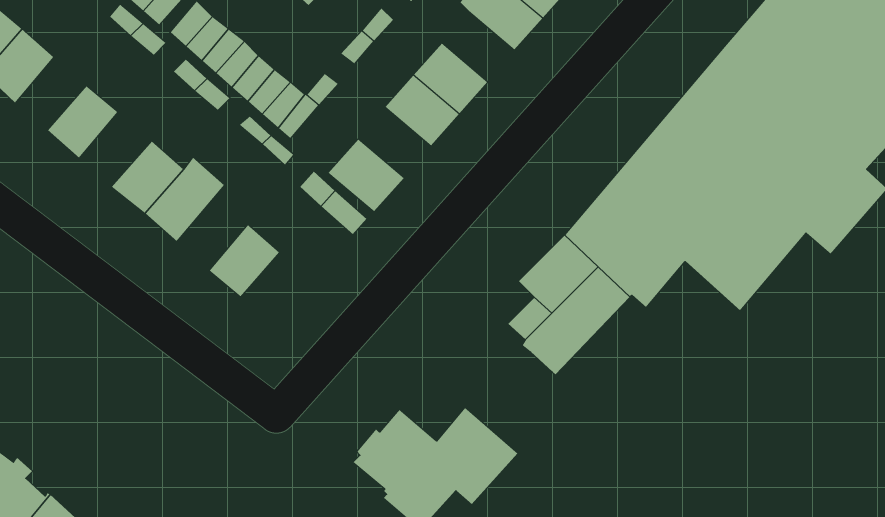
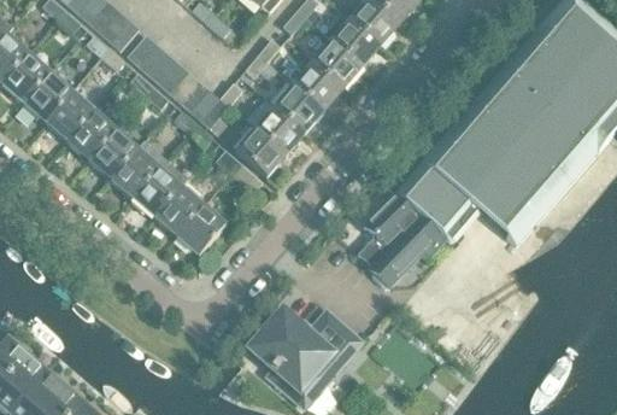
building: none -> [312,41,362,89]
building: none -> [23,72,71,122]
building: none -> [255,106,305,154]
building: none -> [66,110,116,160]
building: none -> [133,159,188,217]
building: none -> [176,205,225,256]

